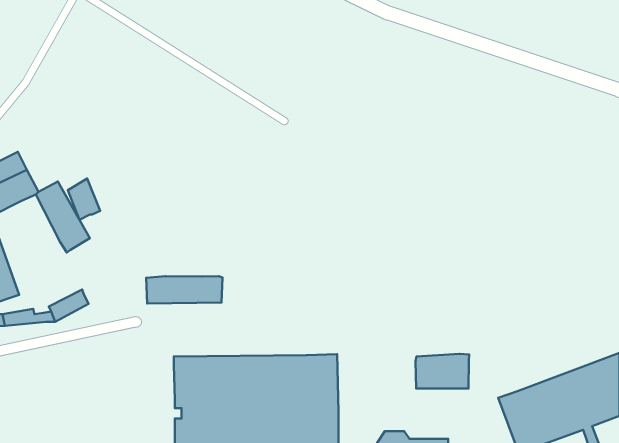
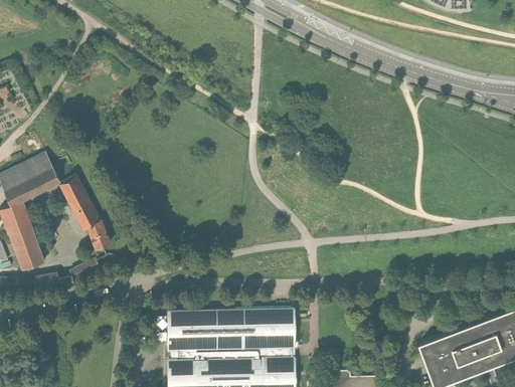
building: [68,179,100,220] -> [85,218,111,250]
building: [146,276,222,303] -> none
building: [416,354,469,389] -> none

